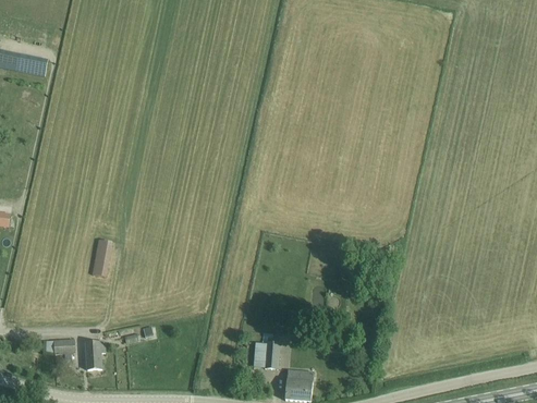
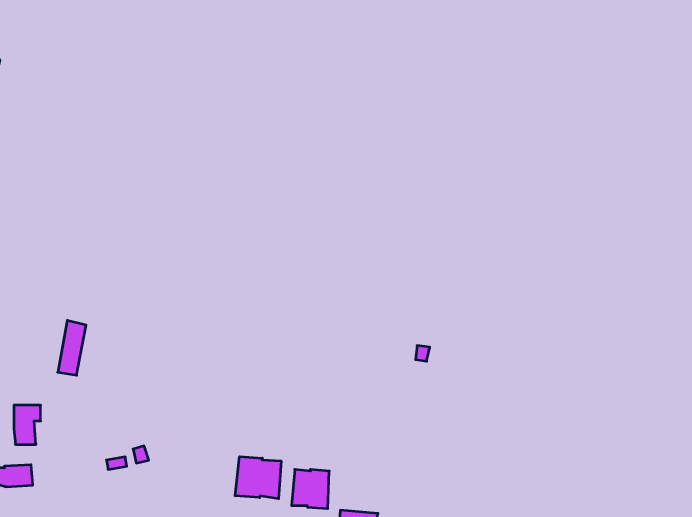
building: none -> [235,457,281,499]
building: [86,342,105,369] -> [14,405,41,444]

